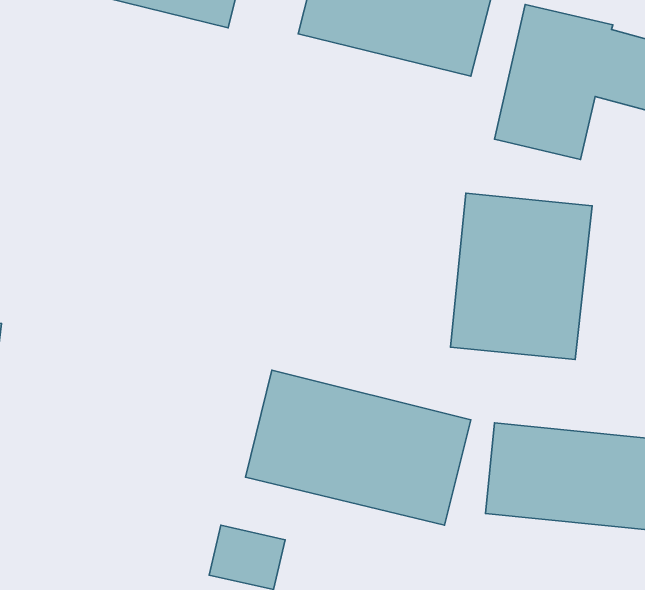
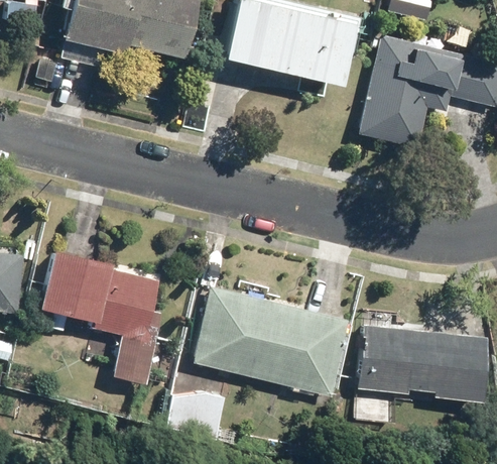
building: [450,193,592,360] -> none
building: none -> [39,252,160,384]

